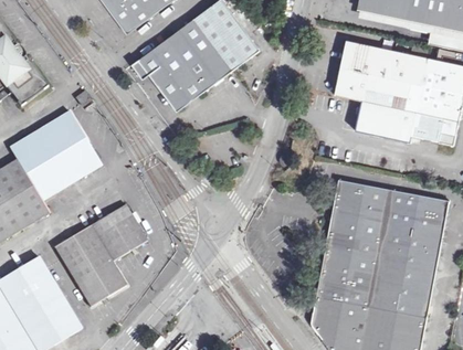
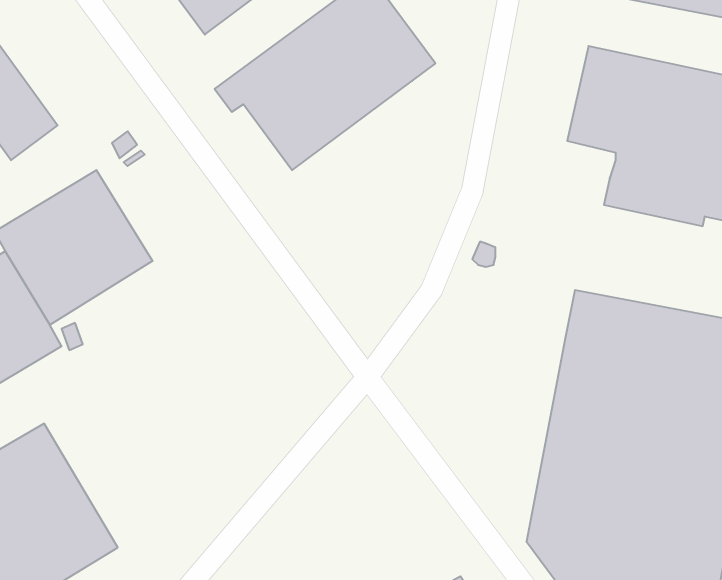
building: [52,204,144,305] -> none

